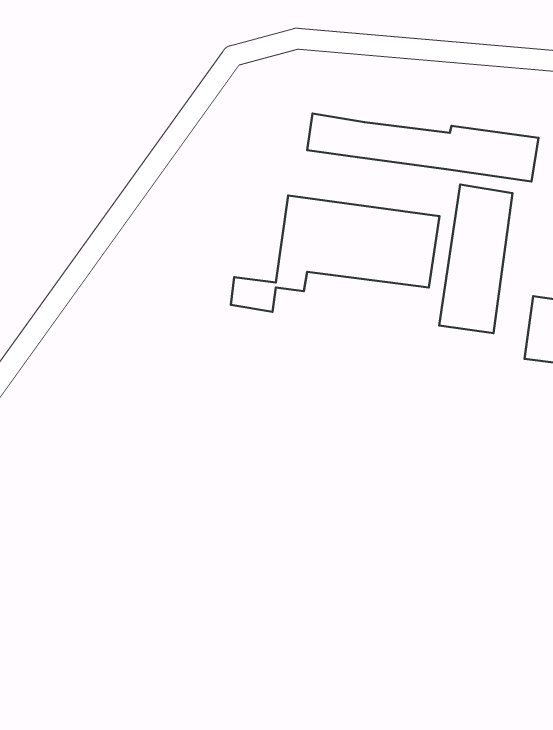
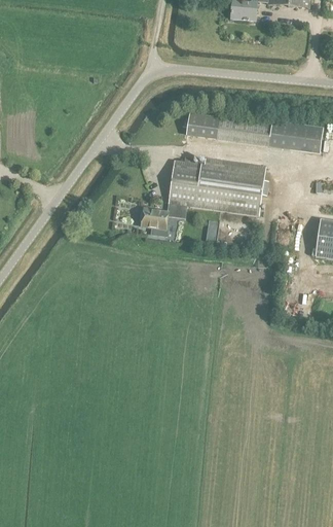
building: [439,185,512,333] -> none

